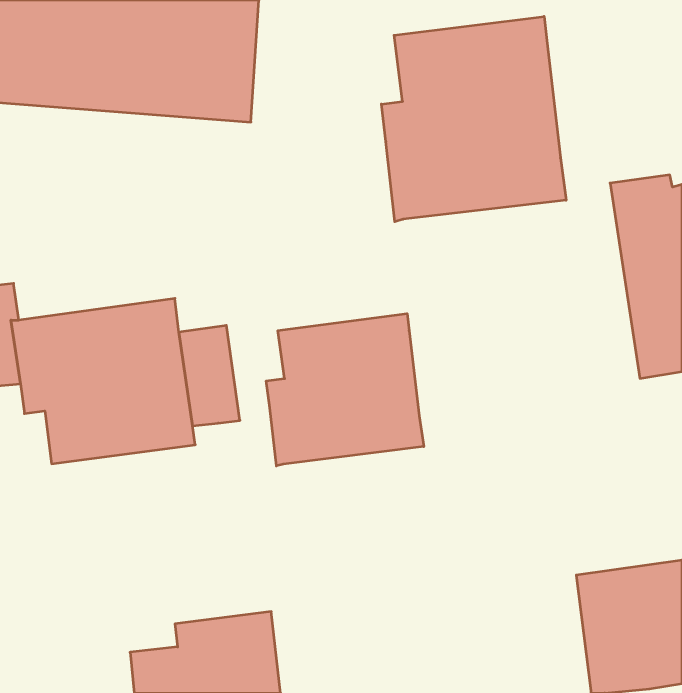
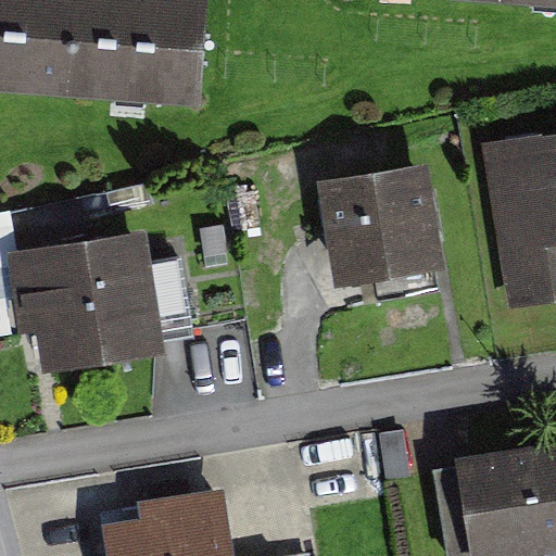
building: [381,16,566,222] -> none
building: none -> [324,173,439,302]
building: [266,314,424,466] -> none

